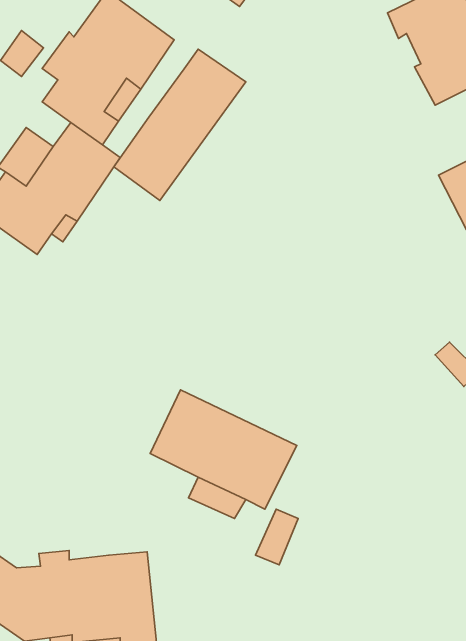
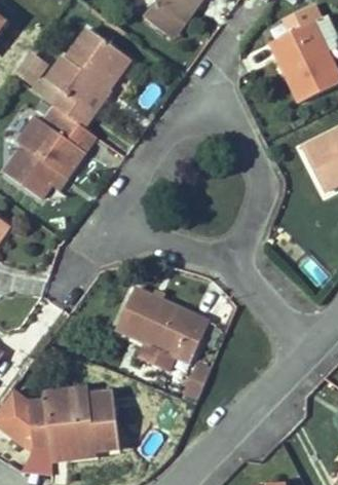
building: [114,49,246,200] -> none

